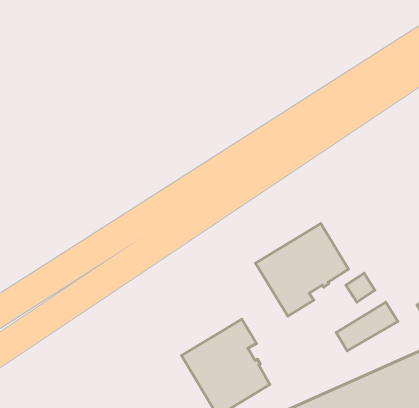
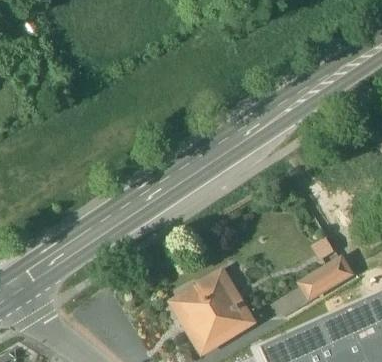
building: [255,223,348,316] -> none

